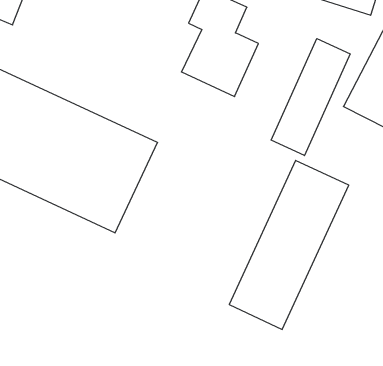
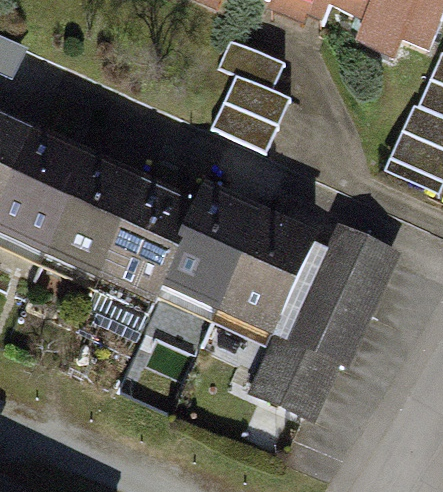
building: [271,39,350,156] -> none
building: none -> [158,198,314,336]

